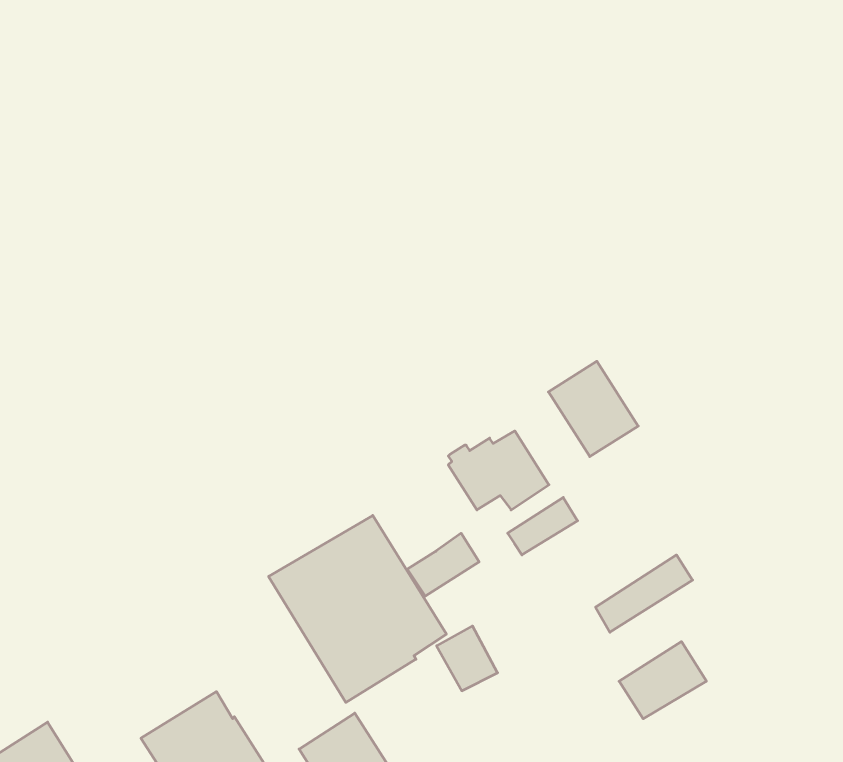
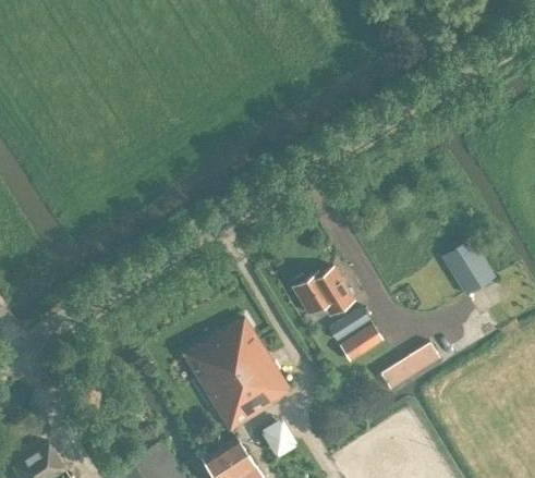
building: [548,361,638,457] -> [441,238,496,296]
building: [407,533,479,596] -> [340,324,384,363]
building: [437,626,498,691] -> [263,416,300,455]
building: [619,642,706,719] -> none

